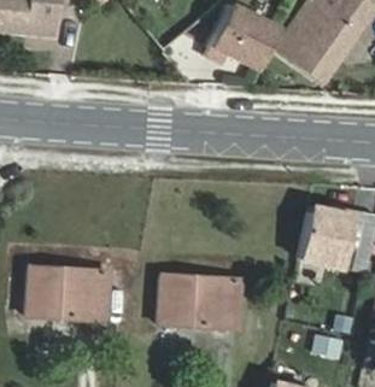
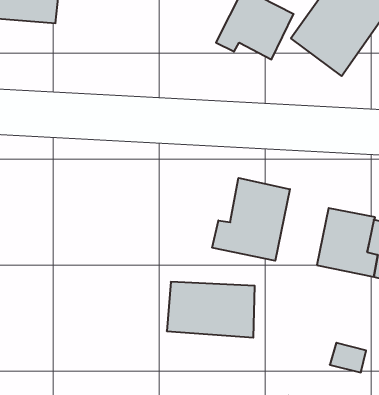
building: none -> [212,178,290,261]
building: [27,266,109,319] -> none

